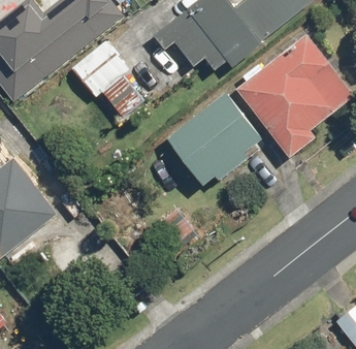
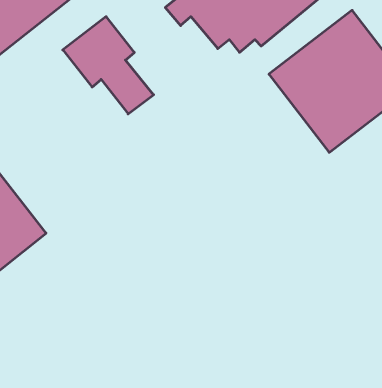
building: [166,92,259,183] -> none

